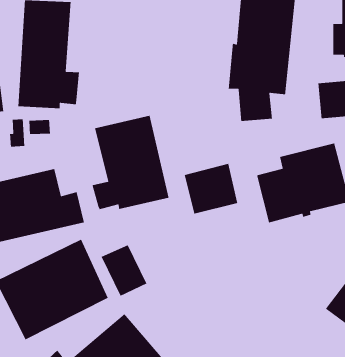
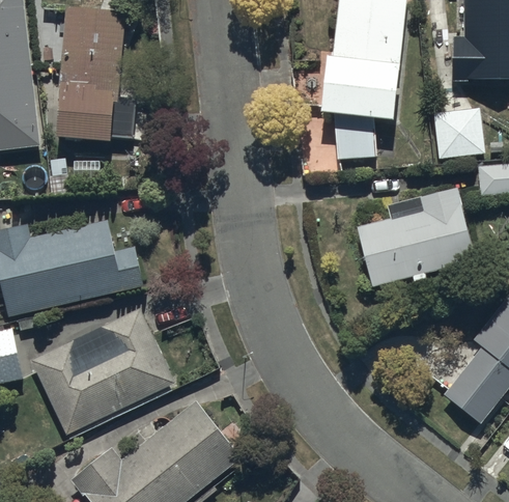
building: [92,115,170,210] -> none
building: [184,163,238,215] -> none
building: [100,244,147,297] -> none

